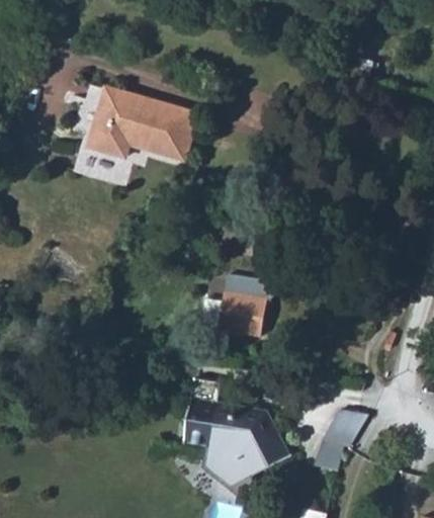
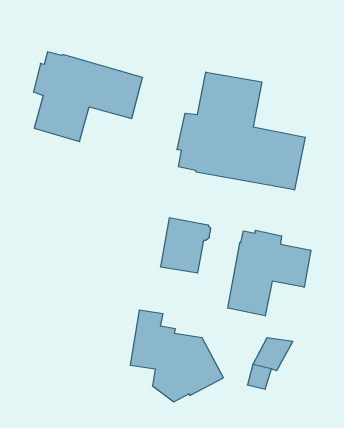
building: none -> [177,72,305,190]
building: none -> [228,230,311,316]

